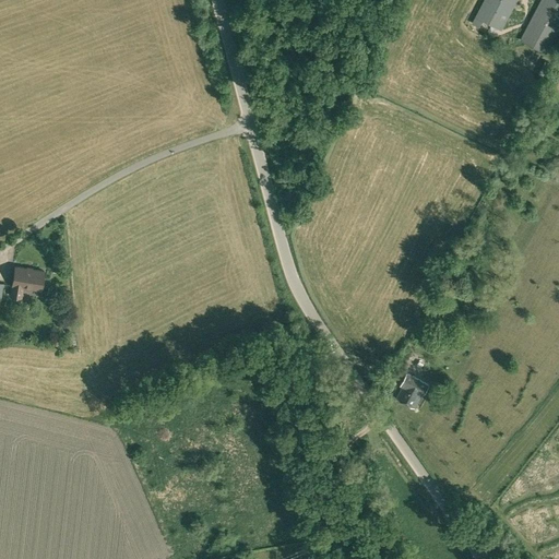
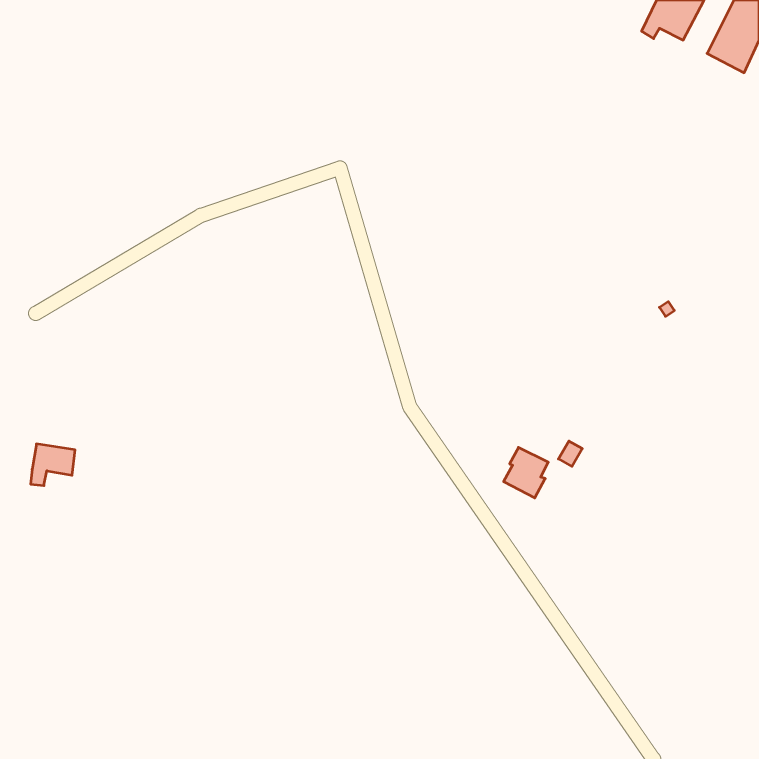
building: [11,266,44,297] -> [31,444,75,486]
building: [396,372,429,409] -> [504,447,548,498]

